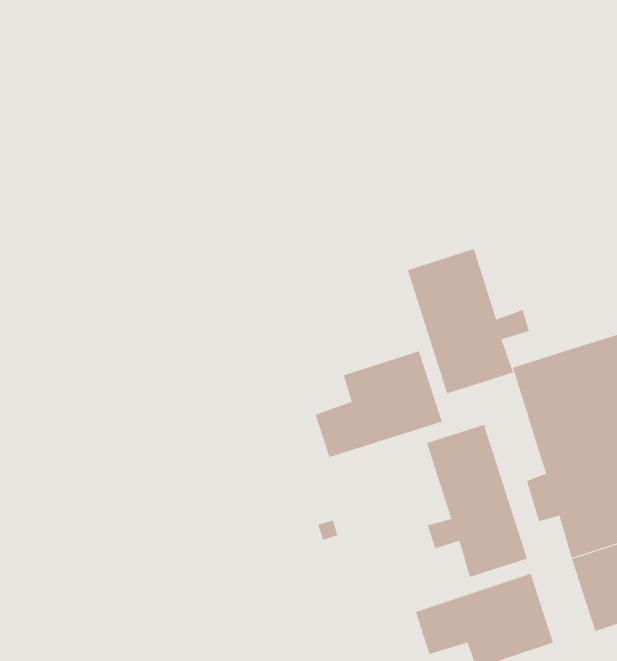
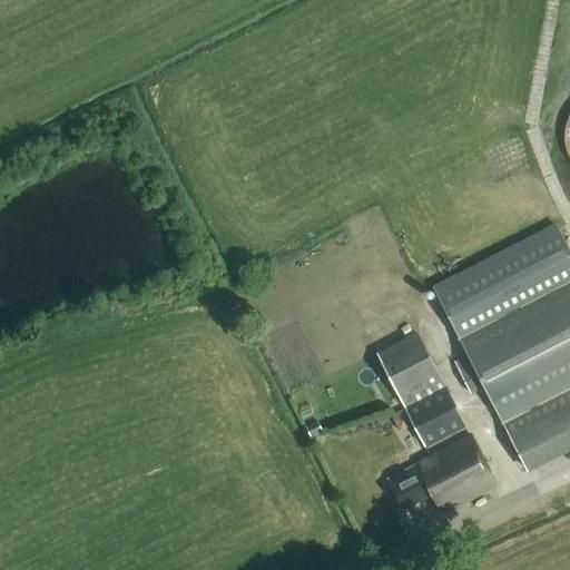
building: [407,248,530,394] -> none
building: [315,351,442,458] -> none

